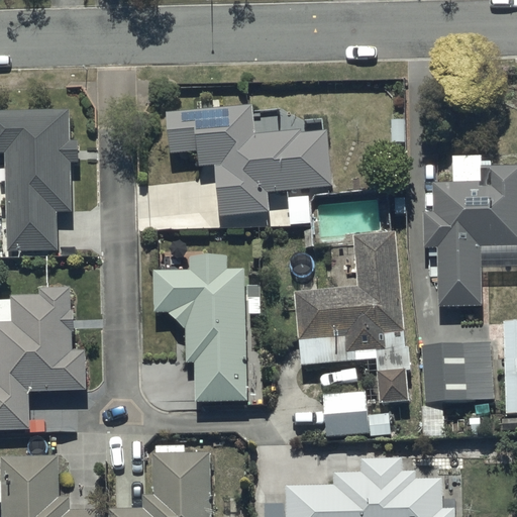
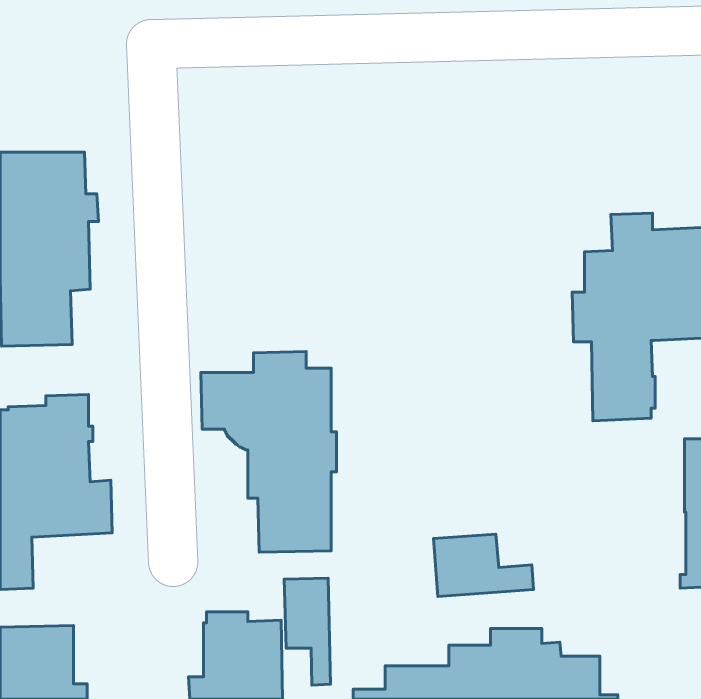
building: [166,94,331,217] -> none
building: [295,234,409,400] -> none
building: [420,342,495,403] -> none
building: none -> [284,578,331,685]

